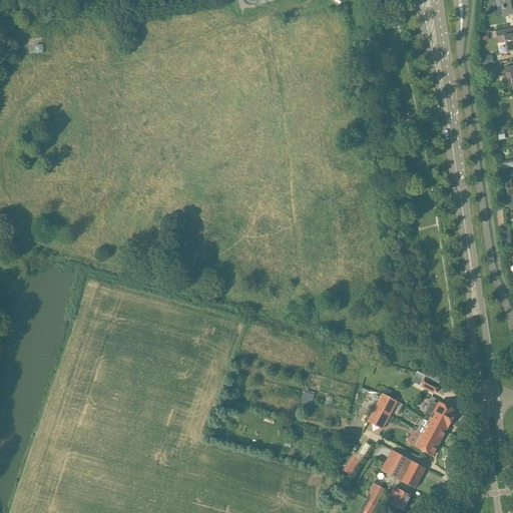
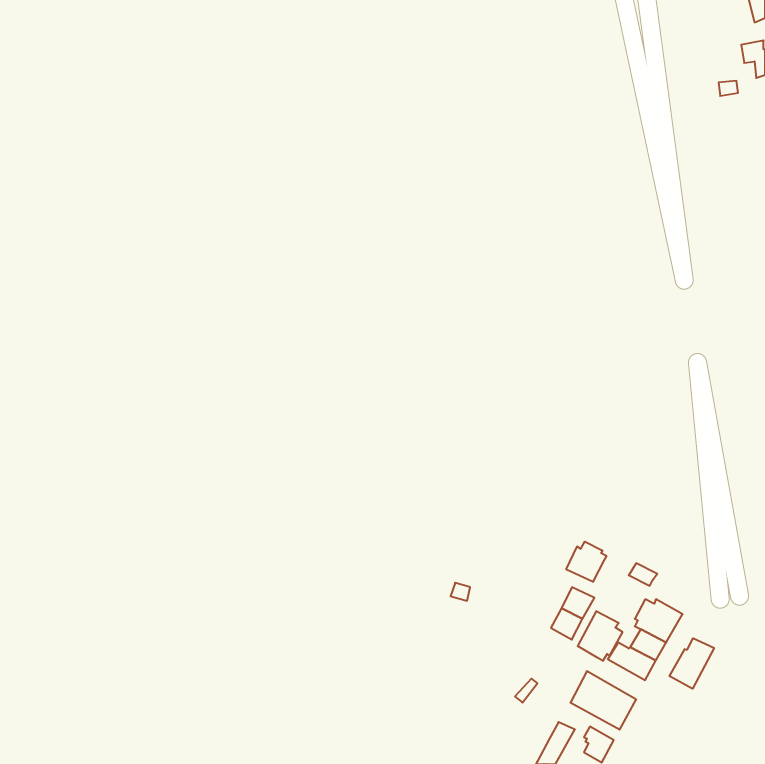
building: none -> [566,542,606,582]
building: none -> [578,611,622,661]
building: none -> [670,638,714,689]

